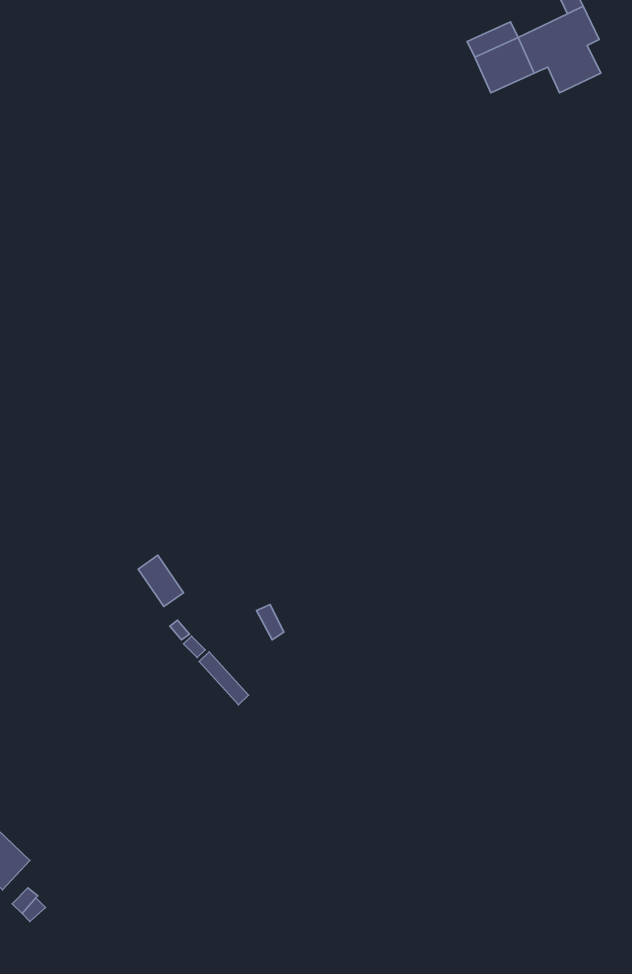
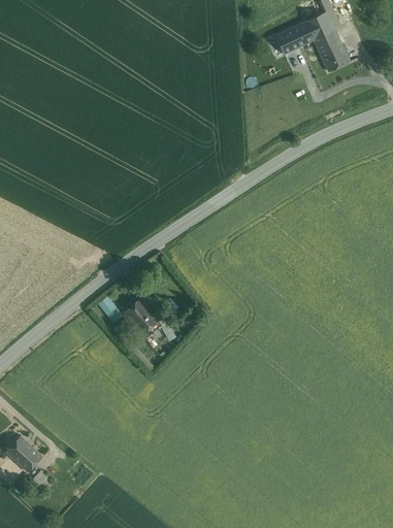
building: none -> [320,44,350,72]
building: none -> [126,300,158,333]

